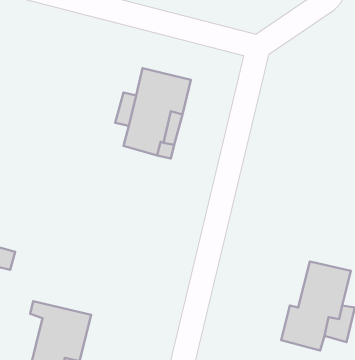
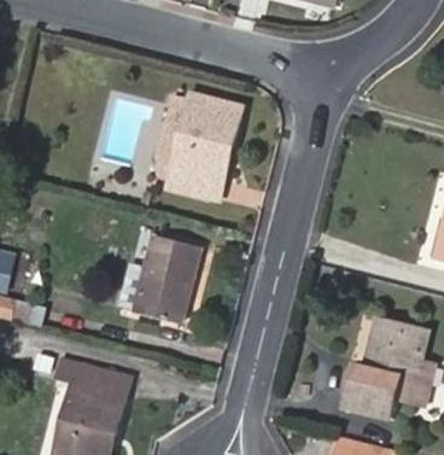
building: none -> [118,235,200,323]

